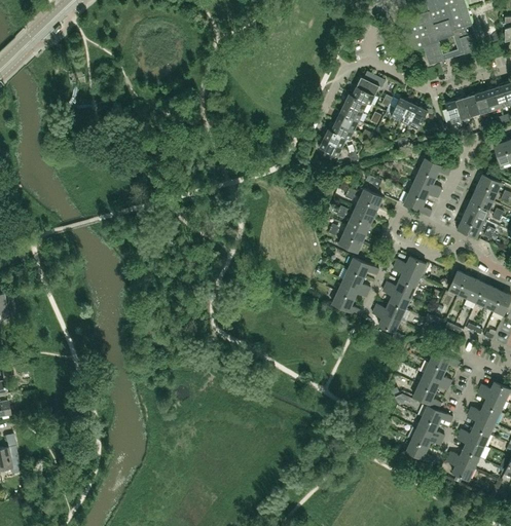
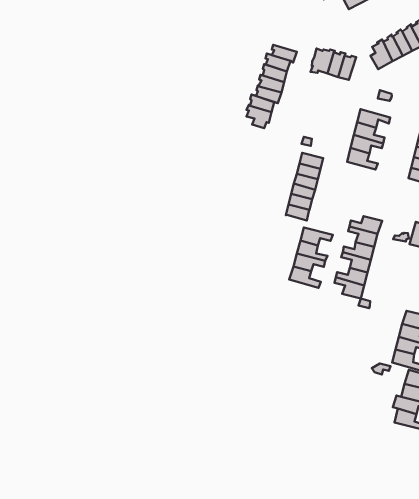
building: [355,71,386,96] -> none

